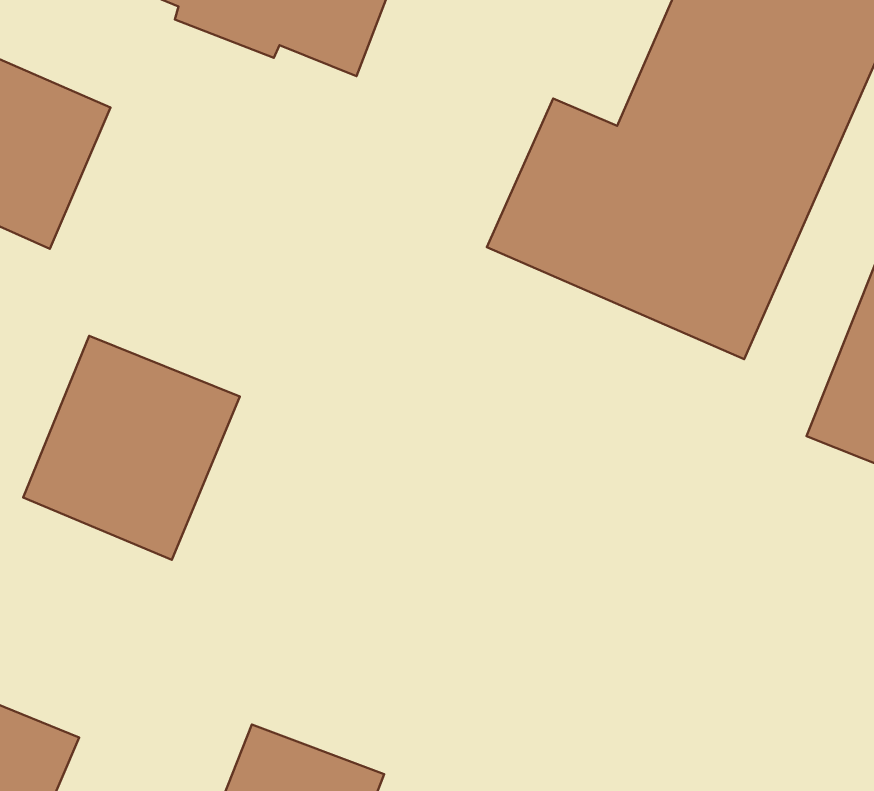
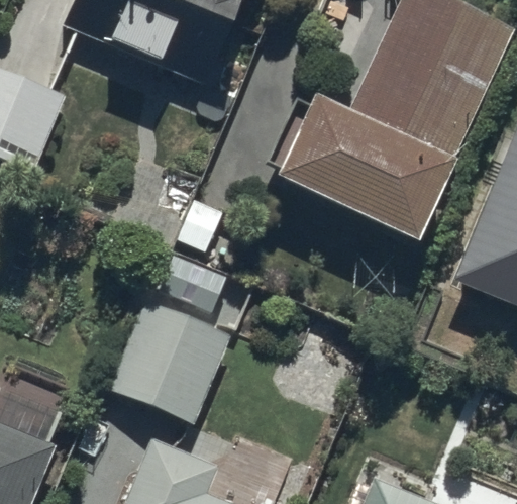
building: [23,336,240,560] -> [111,304,230,427]

